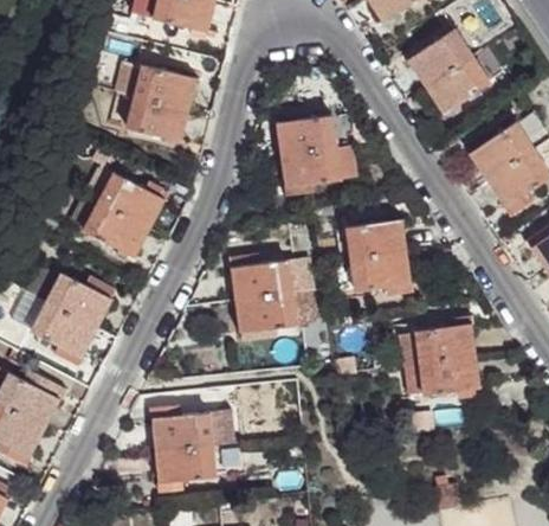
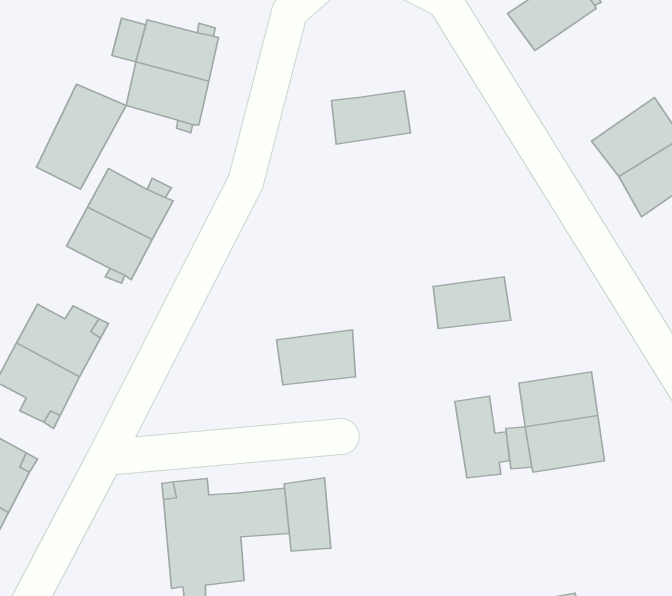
building: [427,57,490,115] -> none
building: none -> [37,84,126,189]
building: [282,148,341,188] -> none
building: [348,220,405,261] -> none
building: [234,262,293,300] -> none
building: none -> [455,396,509,478]
building: none -> [284,478,331,551]

